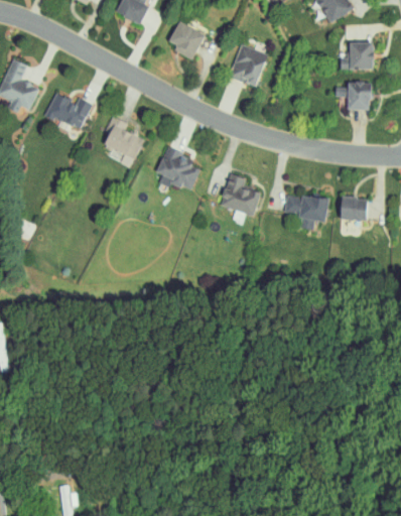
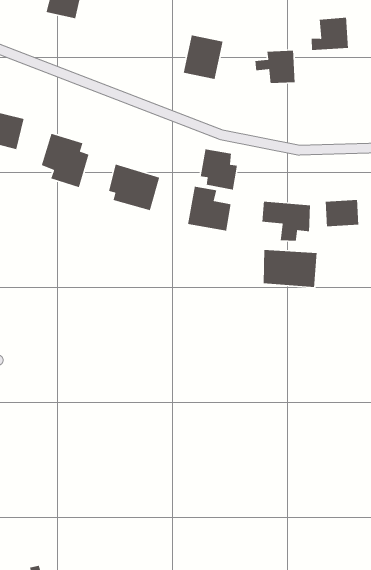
building: [168,21,205,59] -> none
building: [337,81,371,110] -> [254,50,296,84]
building: none -> [200,148,238,191]
building: none -> [263,249,317,288]

